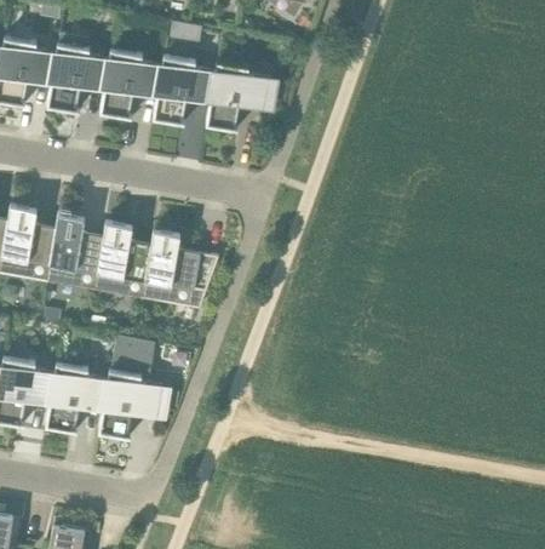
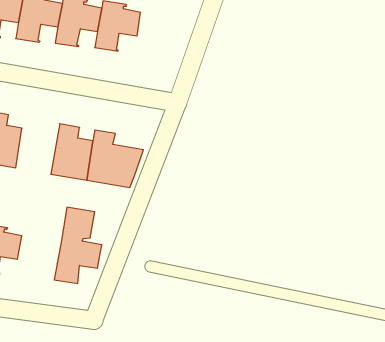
building: [206,61,269,130] -> none
building: [46,212,103,288] -> none
building: [45,362,108,430] -> none

